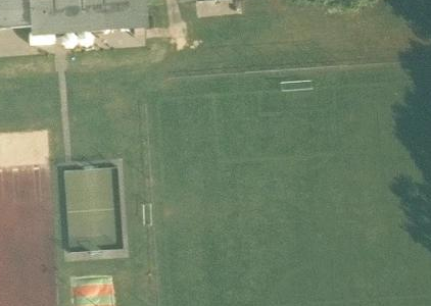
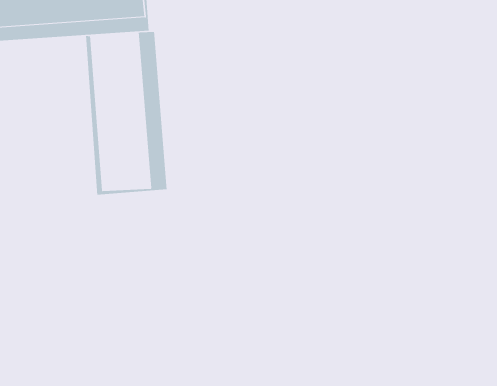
building: none -> [85,31,167,196]

